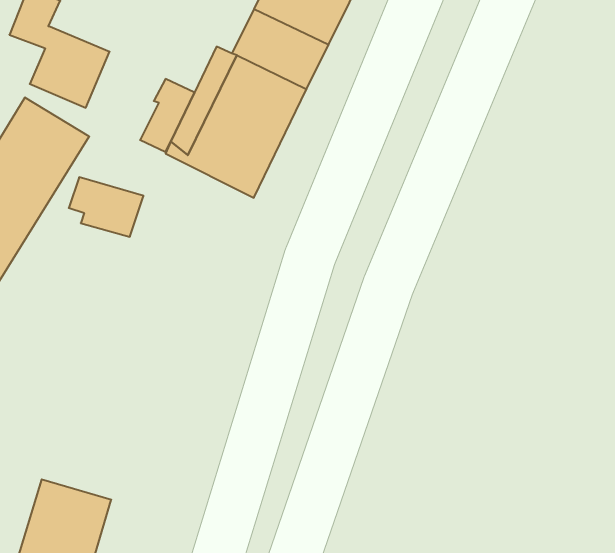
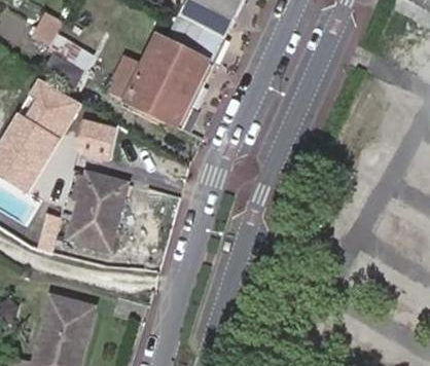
building: none -> [65,168,124,244]

